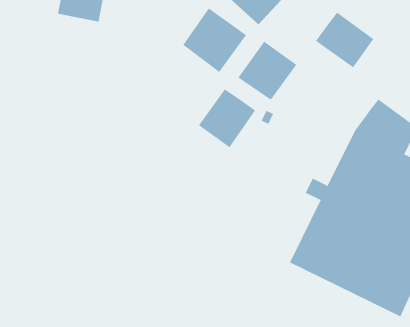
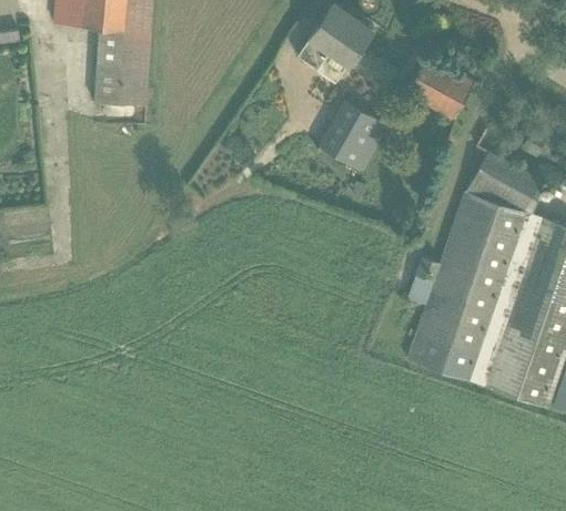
building: [182,8,247,73] -> none
building: [198,88,256,148] -> none

